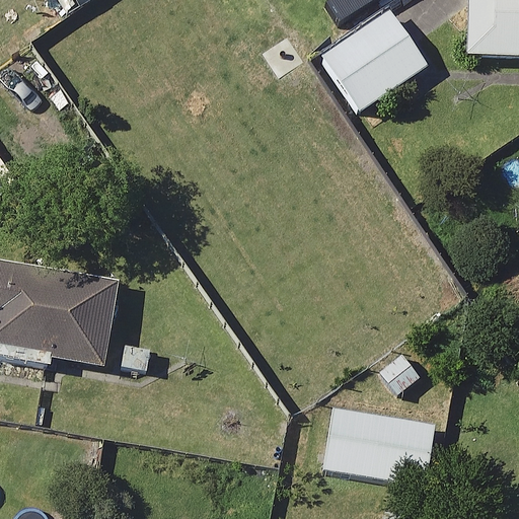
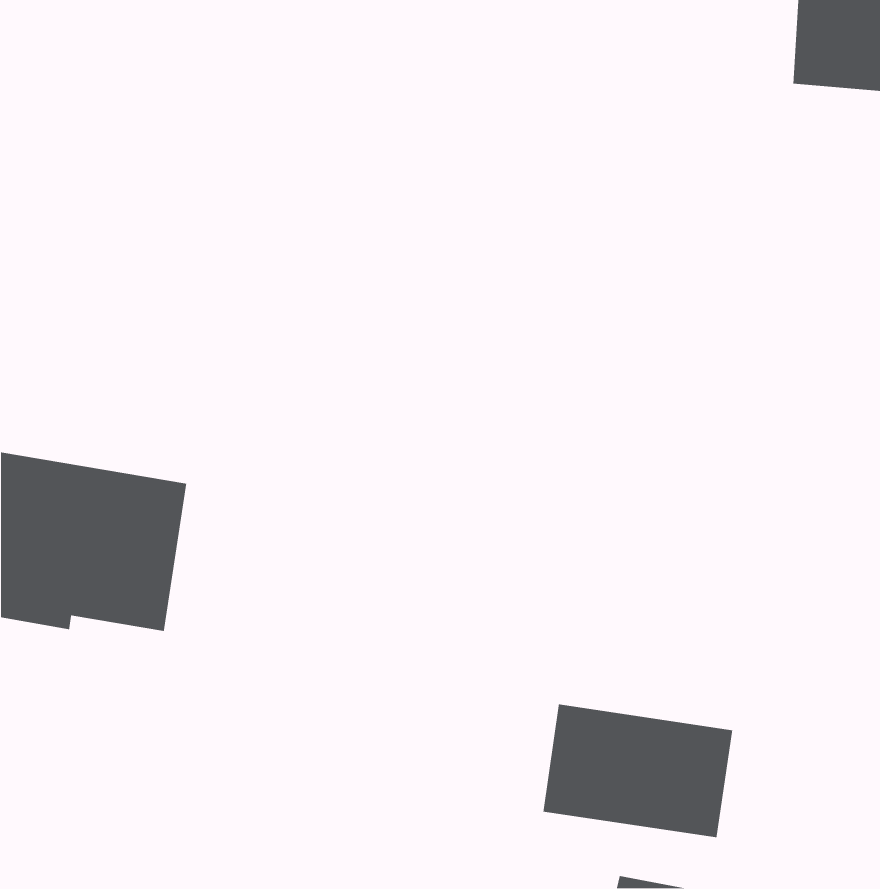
building: [319,8,427,112] -> none

